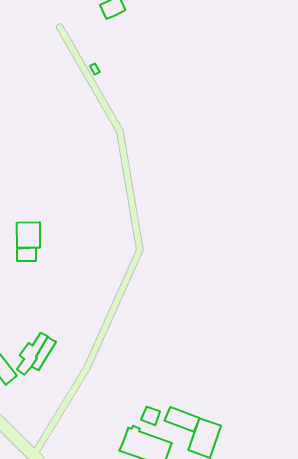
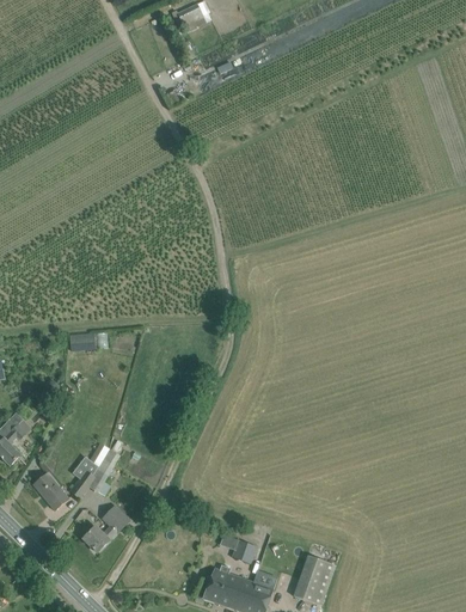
building: [17,222,40,248] -> none
building: none -> [82,506,128,551]
building: [165,407,200,432] -> none

